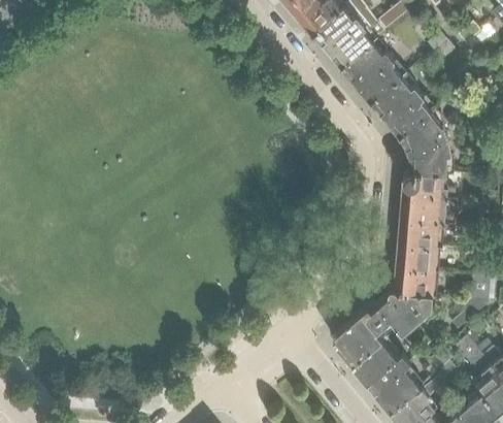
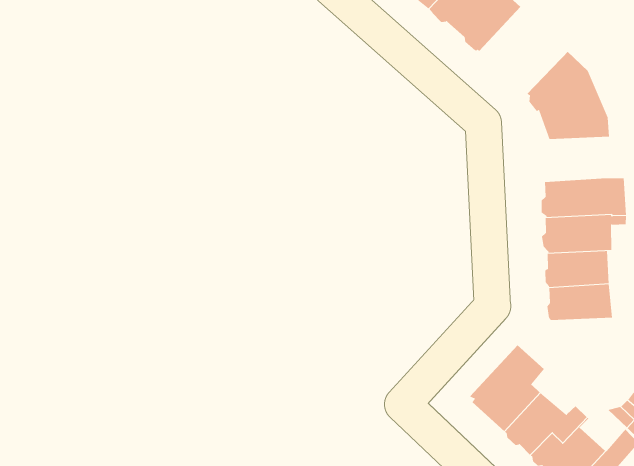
building: [371,76,433,137] -> none
building: [401,175,448,202] -> none
building: [376,295,437,336] -> none

